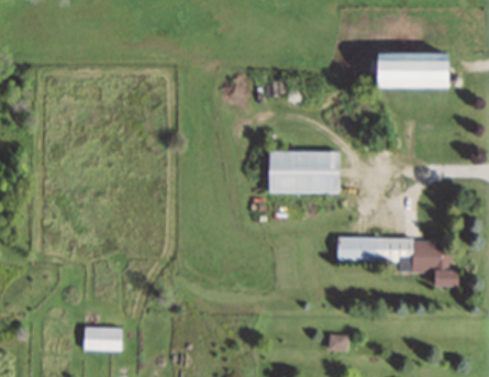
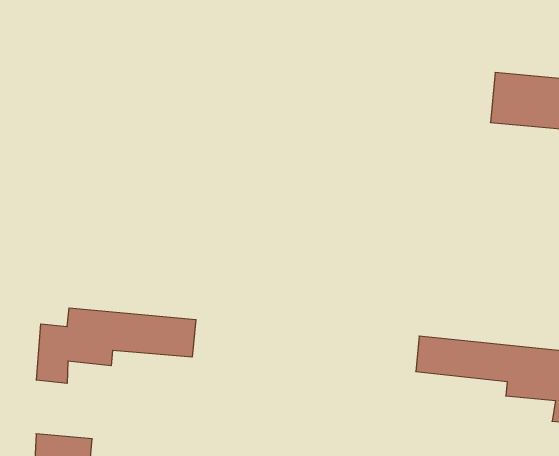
building: [267,151,342,193] -> none
building: none -> [37,308,196,383]

